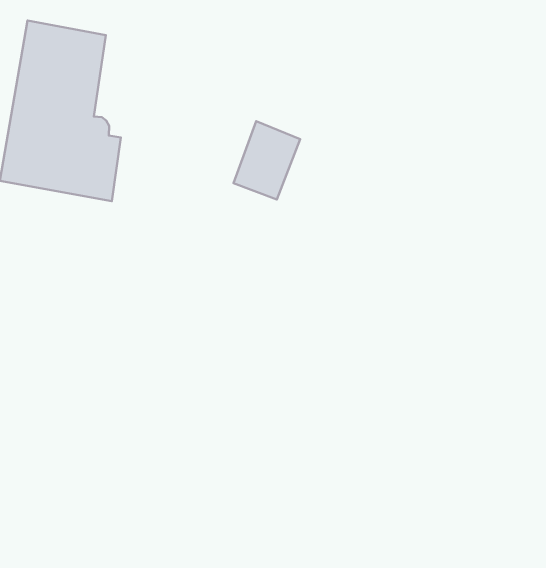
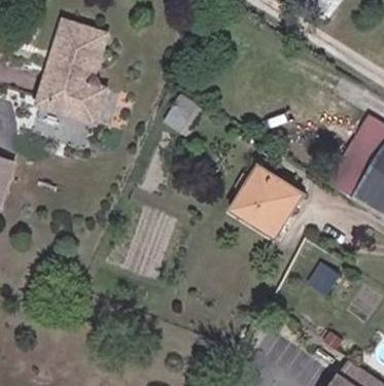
building: none -> [230,167,301,239]

